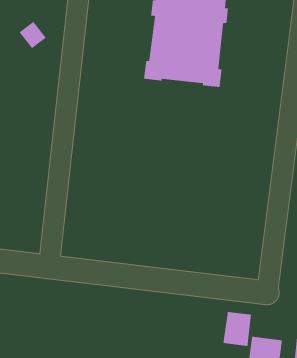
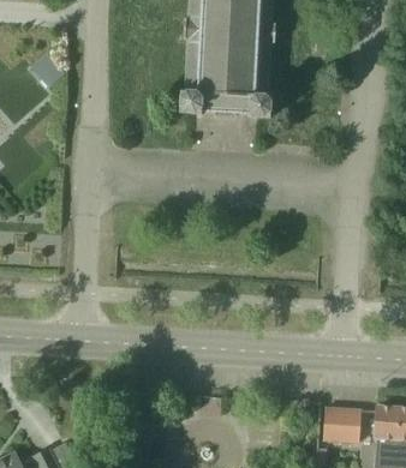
building: [222,311,252,347] -> none

